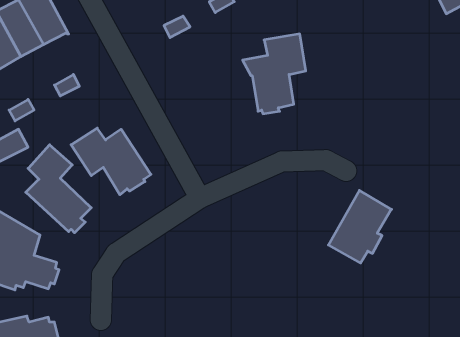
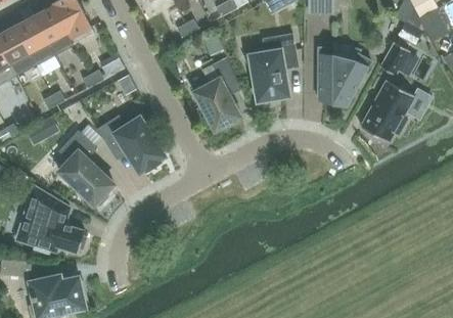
building: none -> [379,42,409,76]
building: none -> [317,49,370,107]
building: none -> [193,56,240,131]
building: [328,190,392,263] -> [360,80,414,142]

